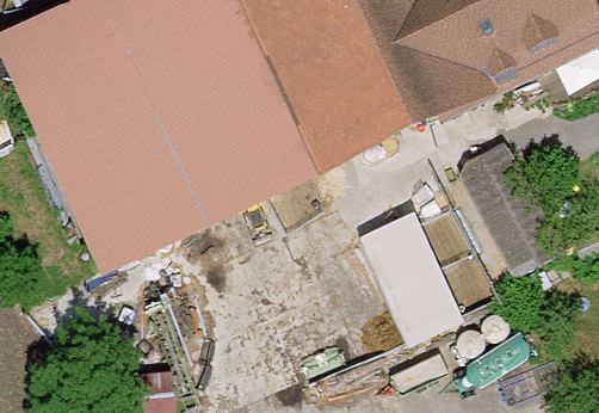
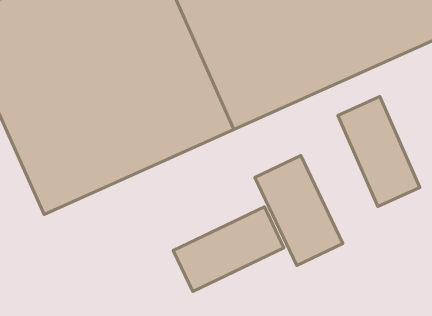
building: none -> [173,207,284,291]

